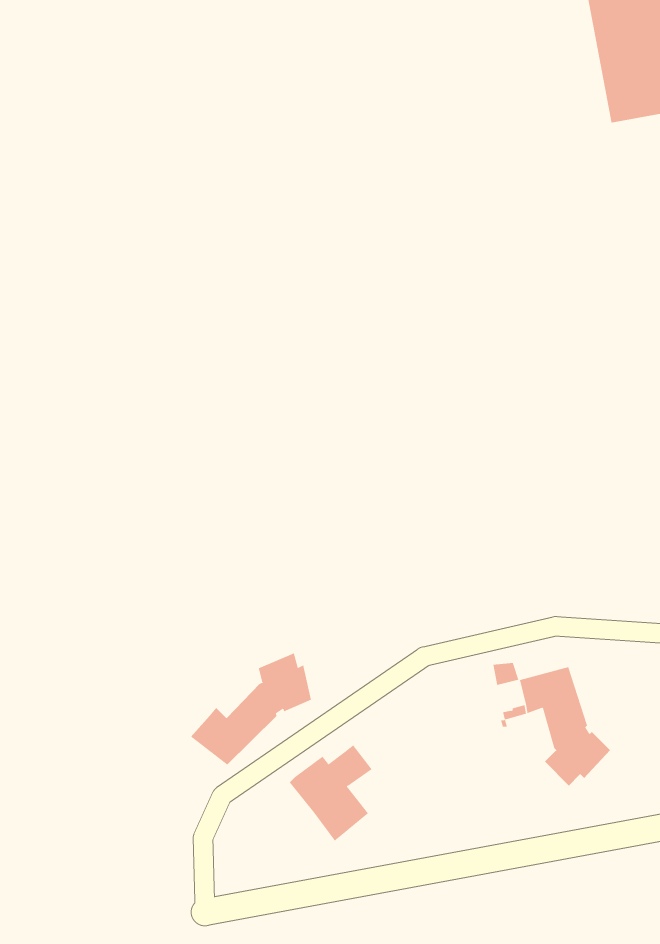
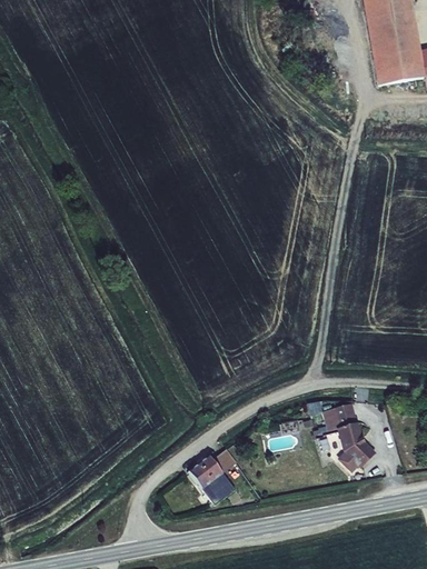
building: [190,653,312,766] -> none

